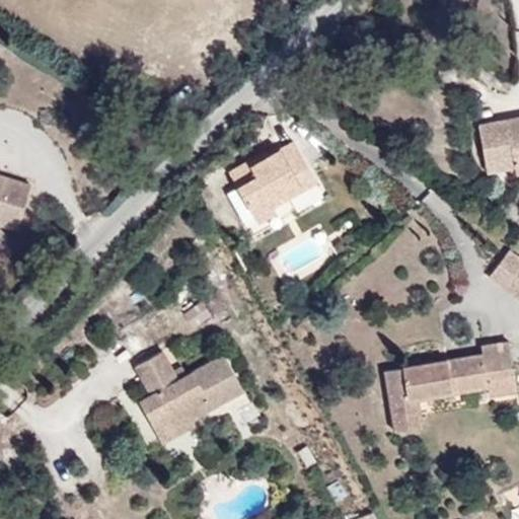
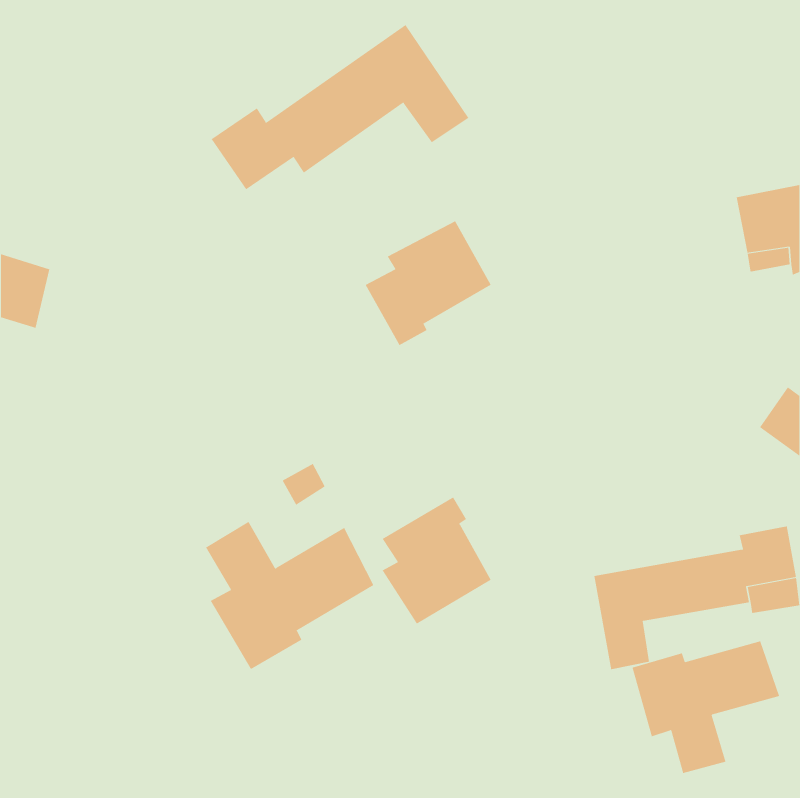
building: none -> [211,24,469,190]
building: none -> [382,497,492,624]
building: none -> [632,640,780,774]

